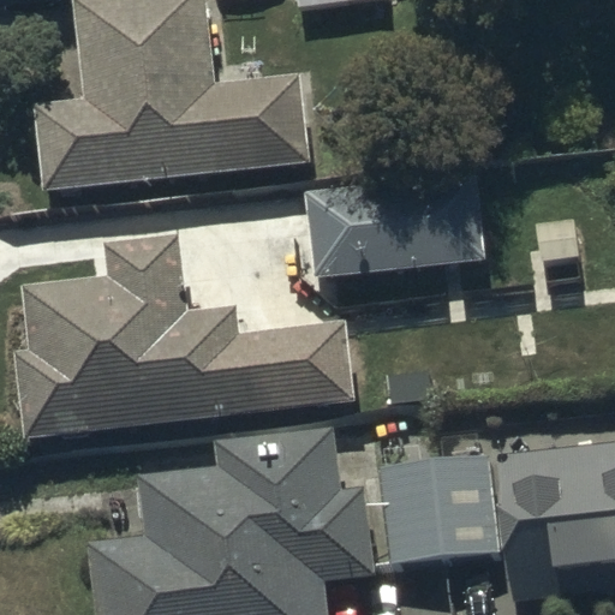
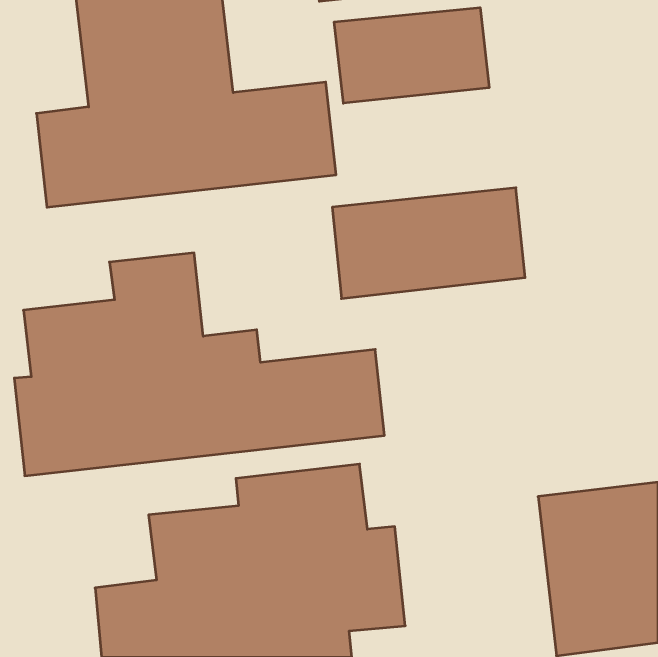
building: none -> [334,8,489,103]
building: [377,454,496,563] -> none

